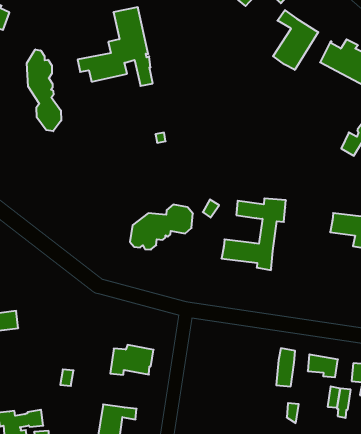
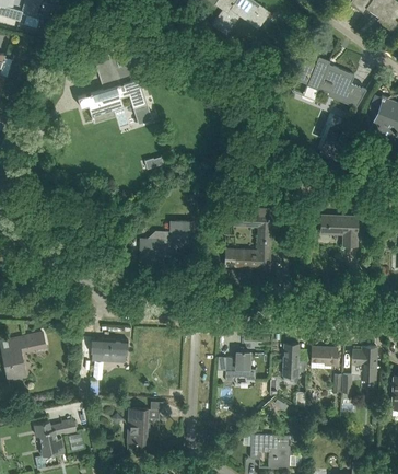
building: [273,10,318,70] -> none
building: [27,49,61,131] -> none
building: [110,345,154,375] -> [91,338,128,366]
building: none -> [218,351,255,381]

